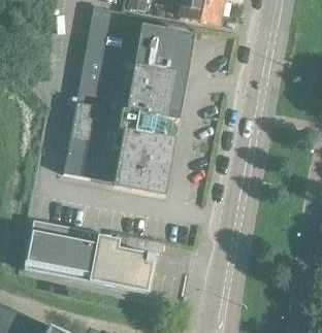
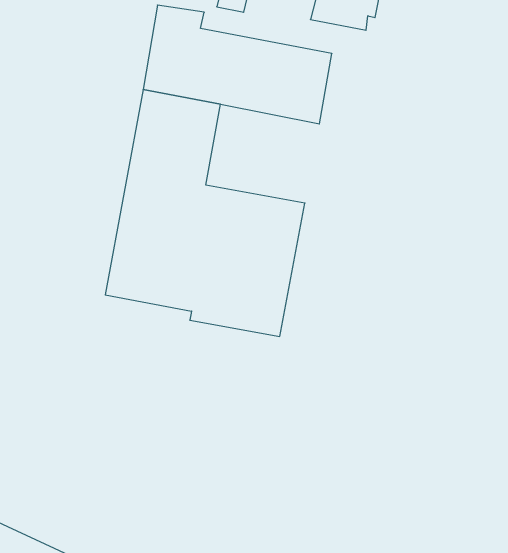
building: [120,63,185,120] -> none
building: [23,221,151,292] -> none

